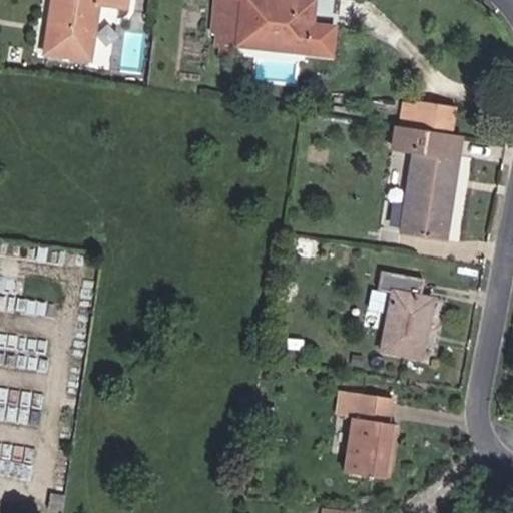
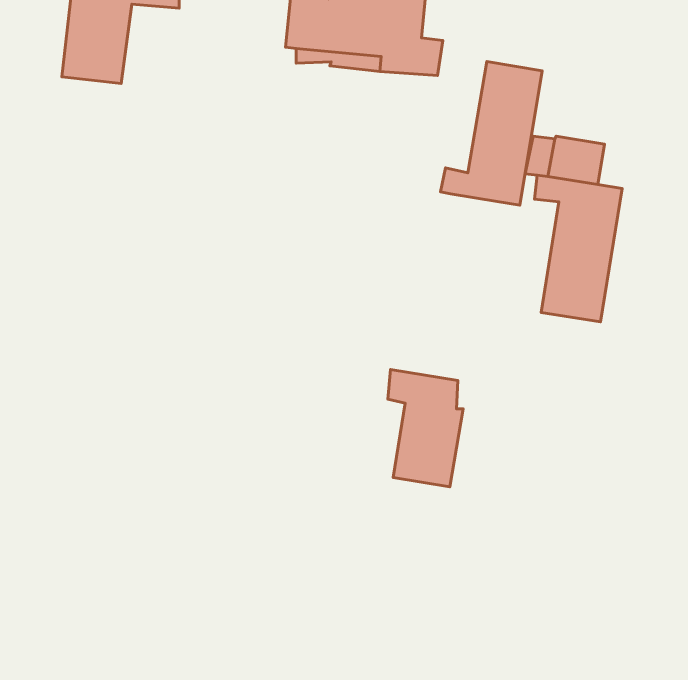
building: none -> [441,62,542,205]
building: [376,273,432,360] -> [388,370,463,487]
building: [336,387,399,484] -> none

